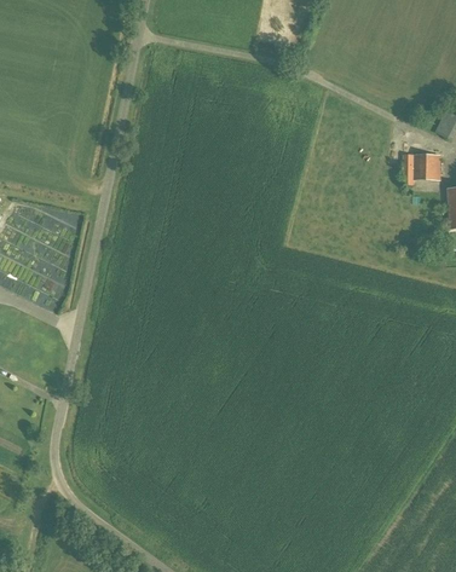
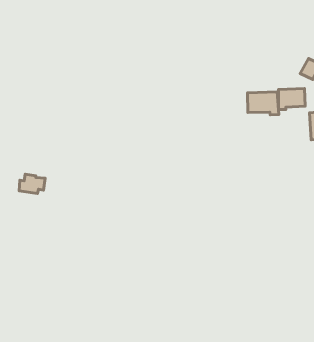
building: none -> [247,92,279,115]

